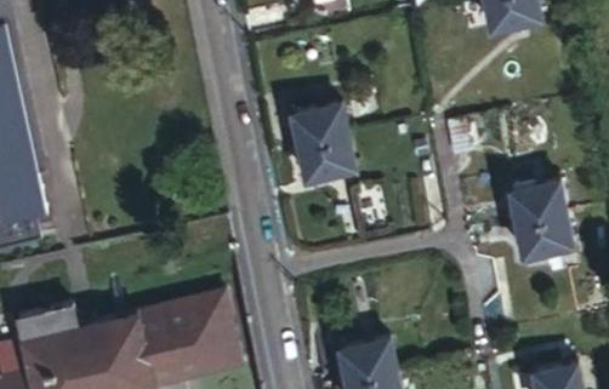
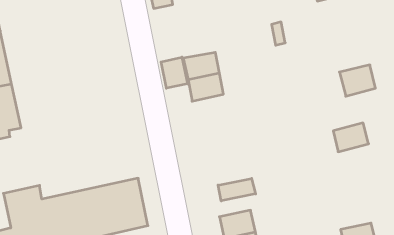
building: none -> [161,57,188,88]
building: [507,177,562,224] -> [339,65,375,96]
building: none -> [218,178,256,201]

